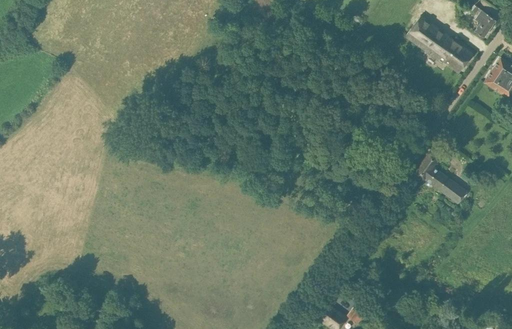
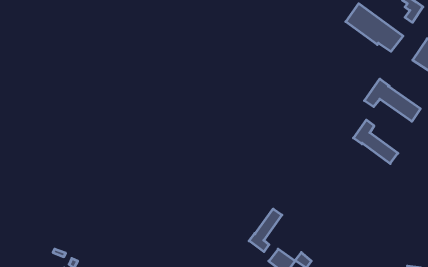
building: none -> [364,79,420,121]
building: none -> [249,209,282,252]

